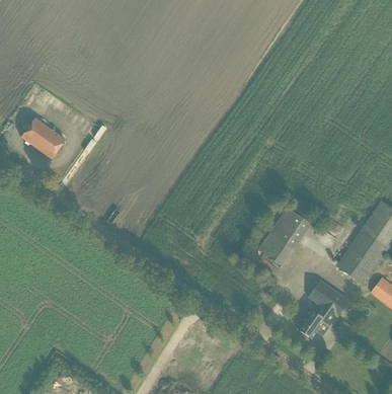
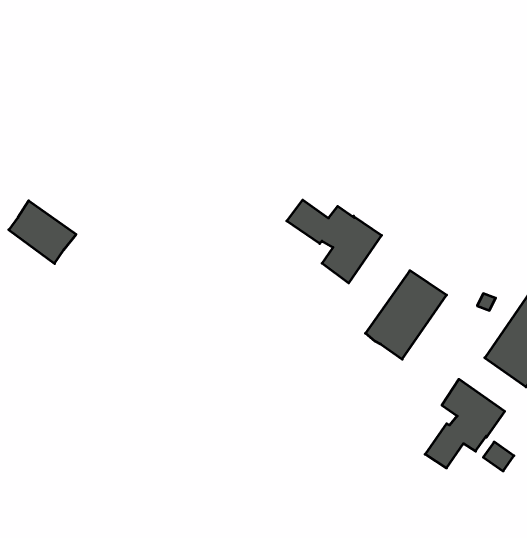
building: [21,117,66,159] -> [9,201,76,264]
building: none -> [287,200,382,283]

